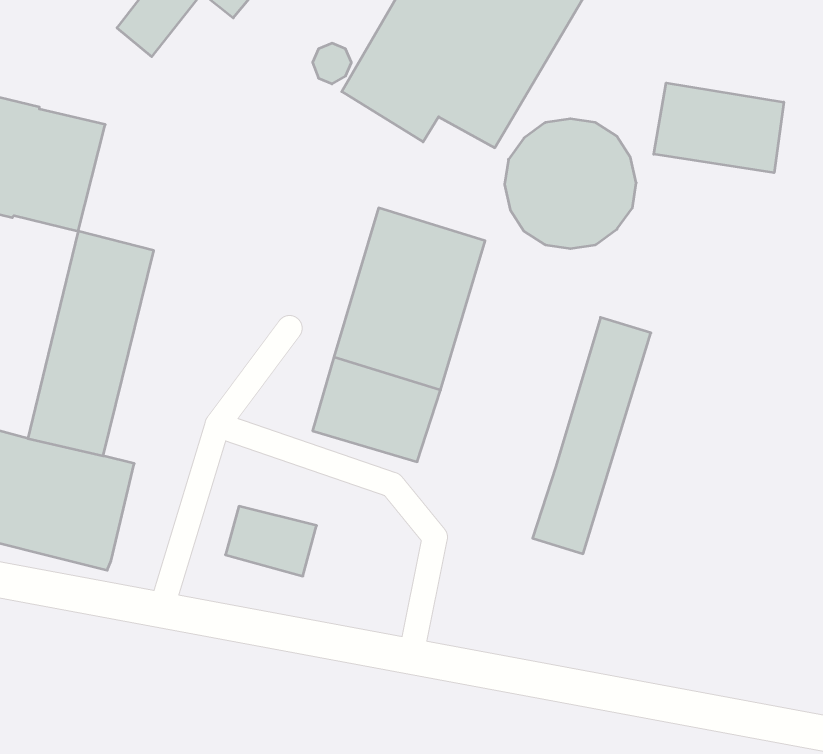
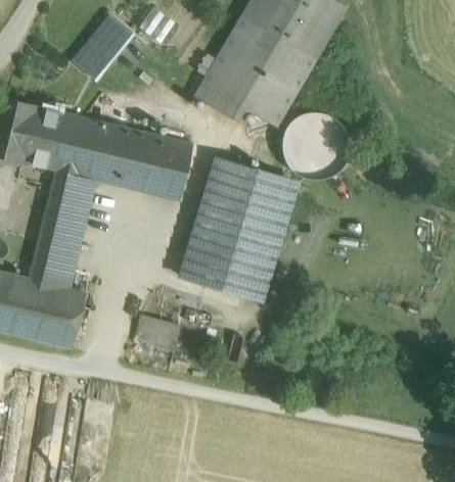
building: [654,83,784,173] -> none
building: none -> [56,113,192,200]
building: [533,317,651,554] -> [235,175,298,299]

